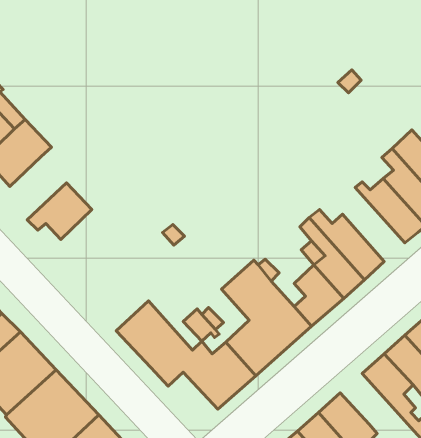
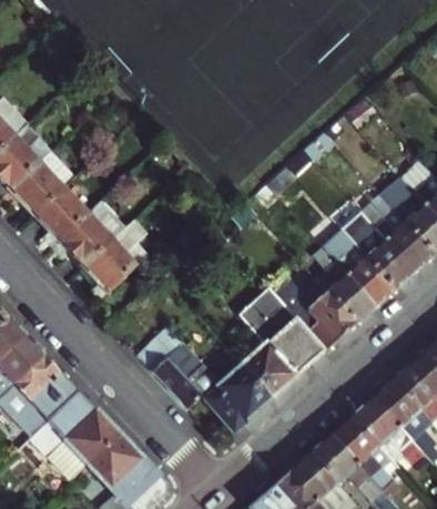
building: none -> [34,187,89,248]
building: none -> [353,214,414,288]
building: none -> [83,230,148,299]
building: none -> [352,396,419,454]

